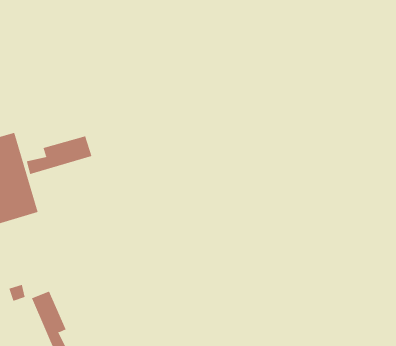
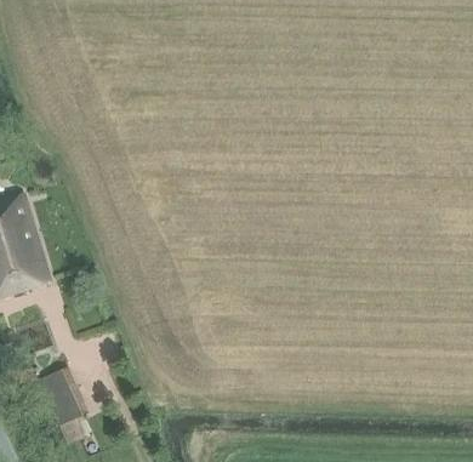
building: [26,135,92,175] -> none

